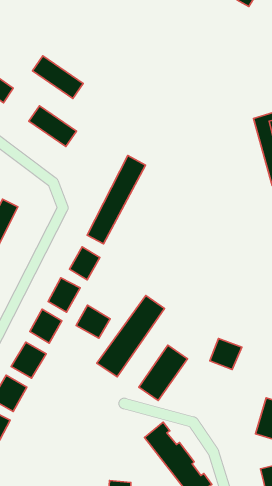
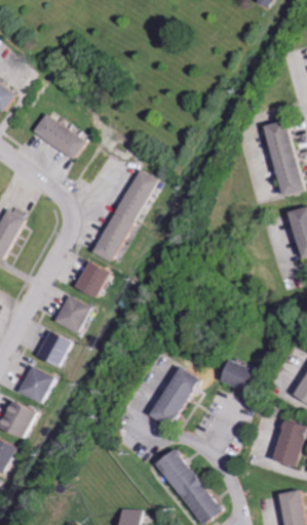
building: [33,56,83,98] -> none
building: [97,295,165,377] -> none
building: [76,305,110,338] -> none

